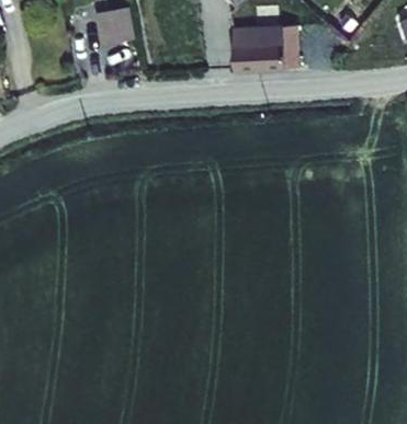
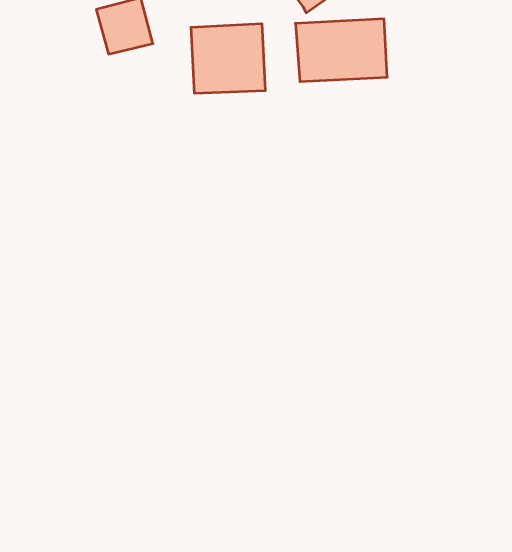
building: none -> [191,24,265,93]

